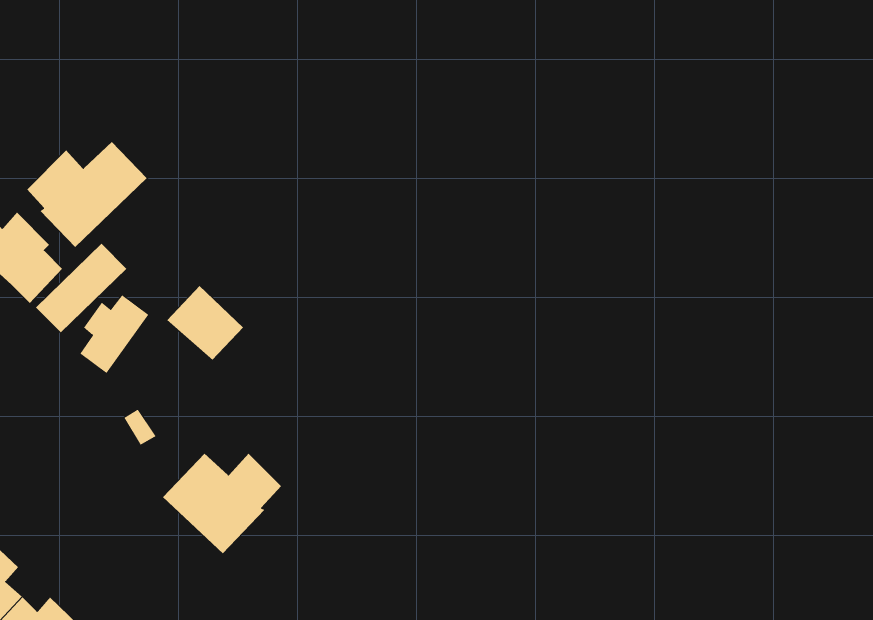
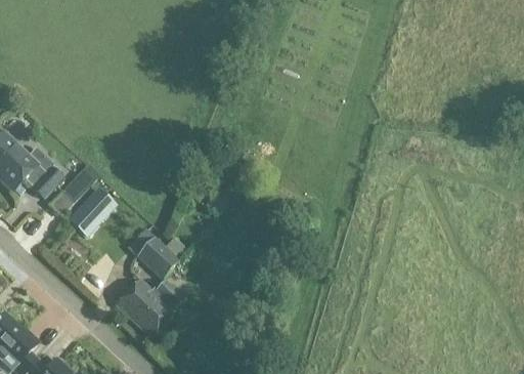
building: [26,141,148,248] -> none
building: [166,285,244,361] -> [136,237,179,279]

